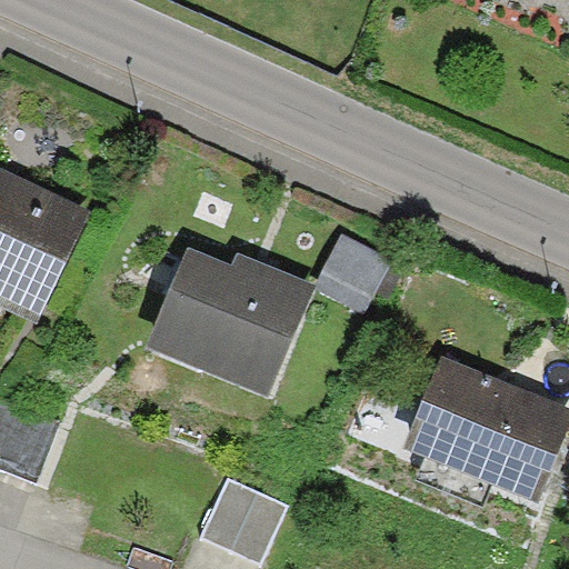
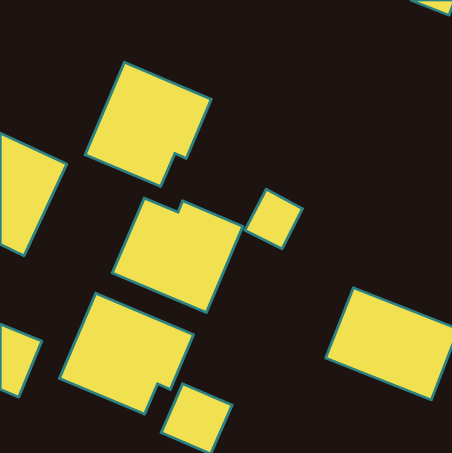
building: none -> [85,62,211,187]
building: none -> [59,293,193,414]

